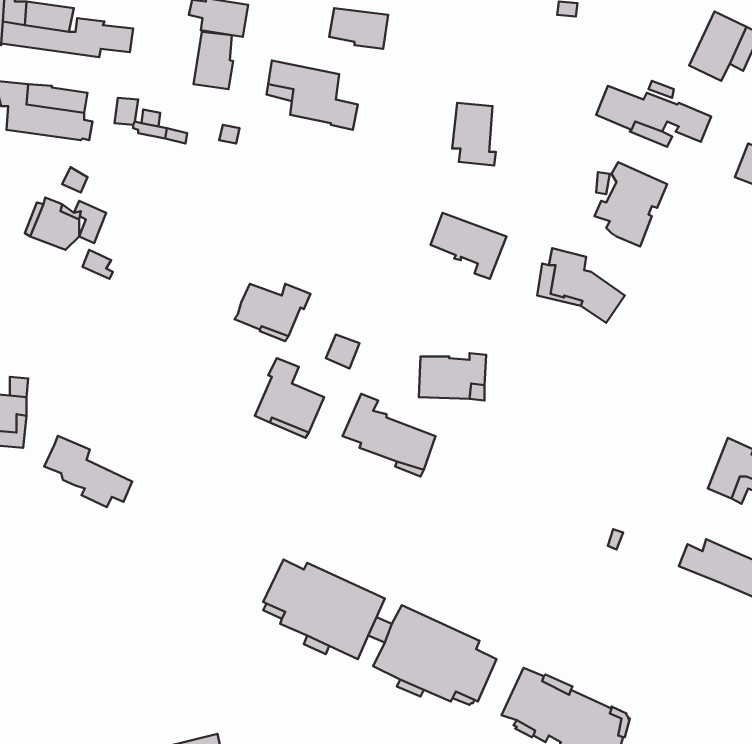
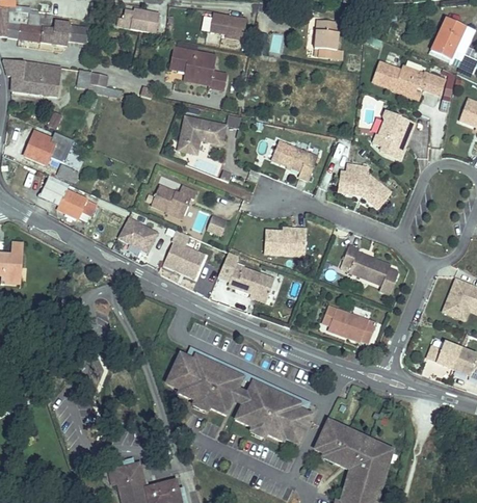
building: [194,32,233,89] -> none
building: [452,103,496,165] -> [314,20,341,58]
building: none -> [177,114,228,155]
building: none -> [117,216,159,254]
building: none -> [340,243,399,295]
building: [44,436,132,507] -> [41,175,95,218]
building: none -> [321,305,376,344]

